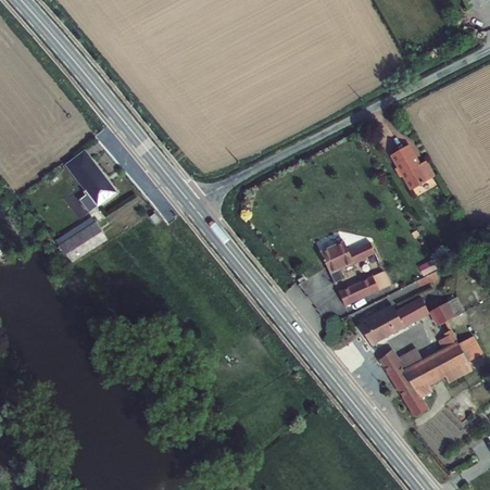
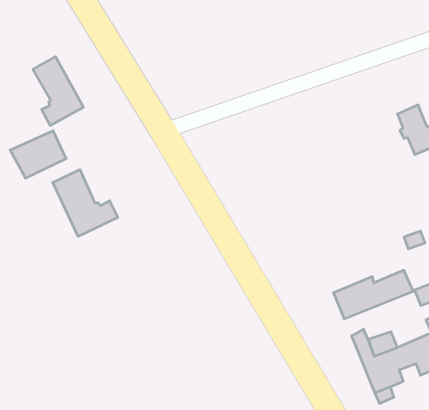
building: [321,239,377,285] -> none
building: none -> [53,170,118,236]
building: [340,271,393,306] -> none

